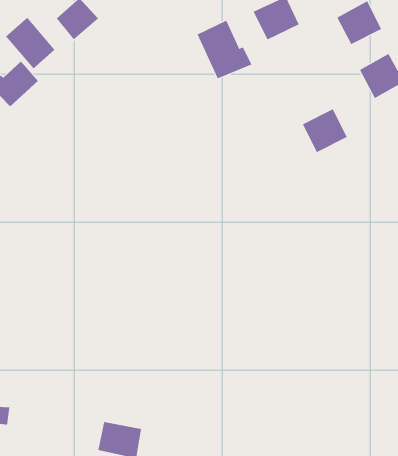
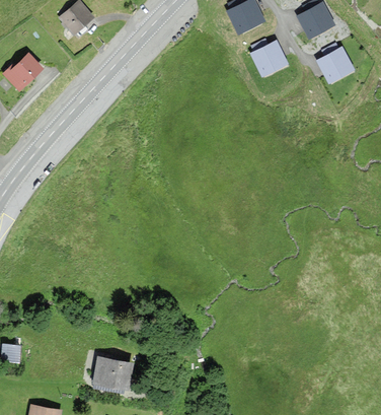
building: [5,17,55,69] -> none
building: [197,20,252,79] -> none
building: [302,109,348,153] -> [250,40,289,77]

